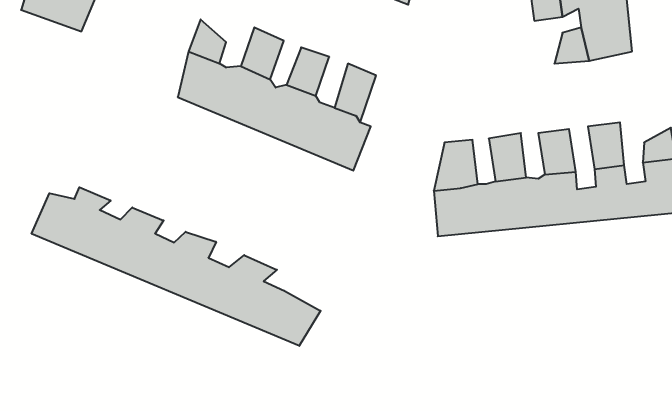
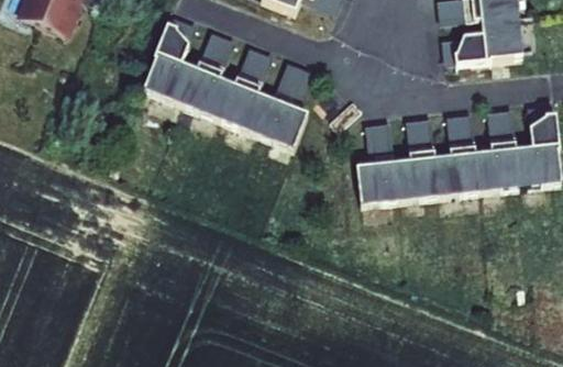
building: [32,187,321,346] -> none

